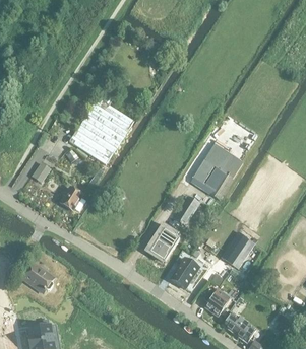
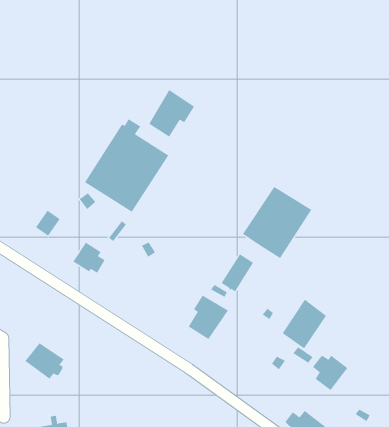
building: none -> [148,89,195,138]
building: [171,258,199,289] -> none
building: [203,289,231,317] -> [312,355,348,391]

